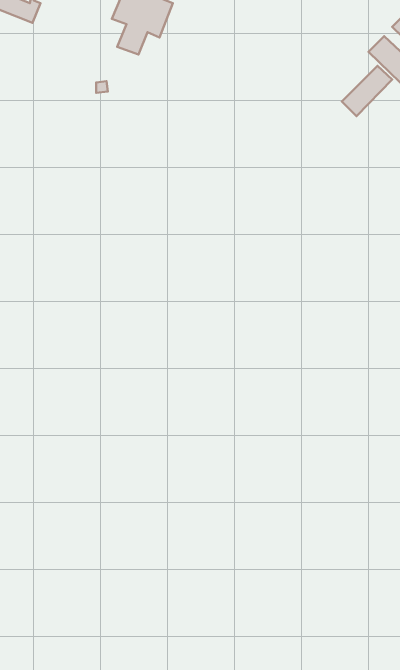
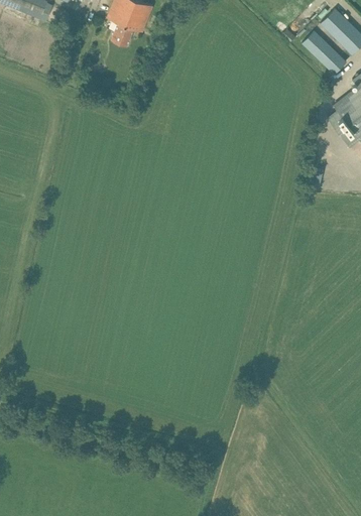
building: [342,66,392,116] -> none

